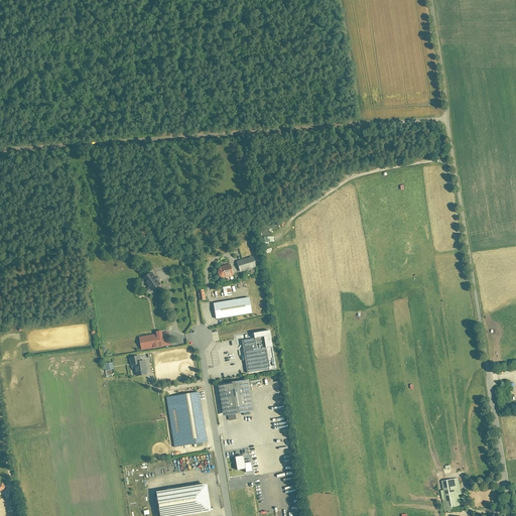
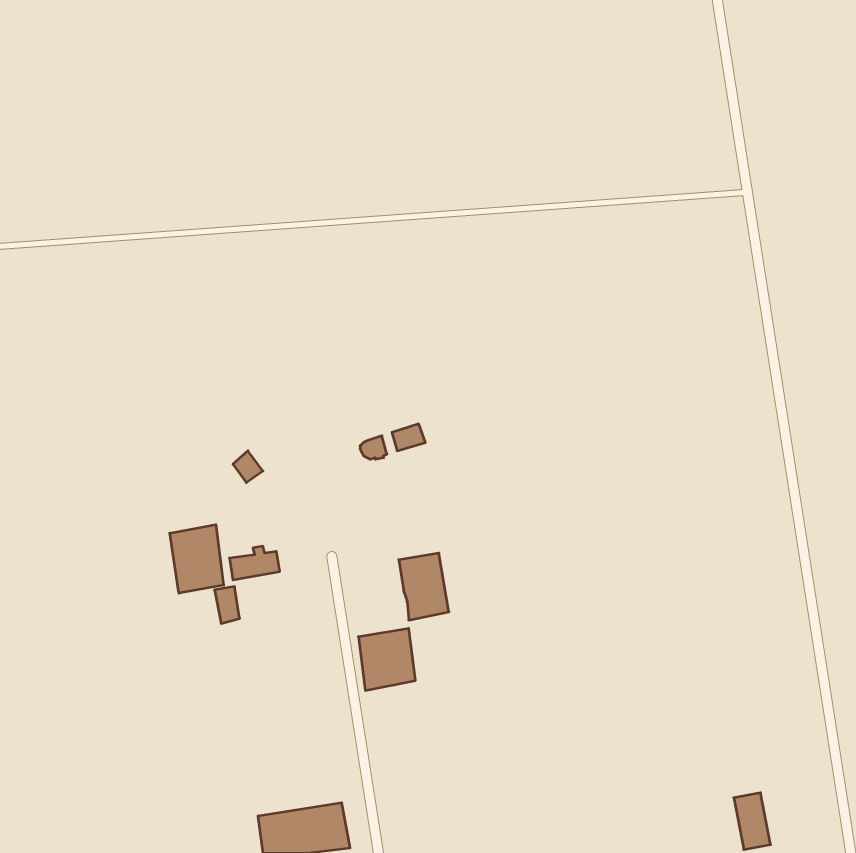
building: [215,297,253,316] -> none
building: none -> [170,525,224,593]
building: [166,392,206,445] -> none

